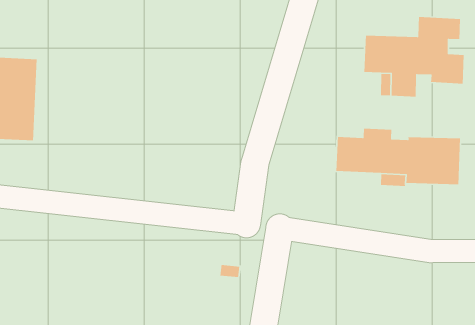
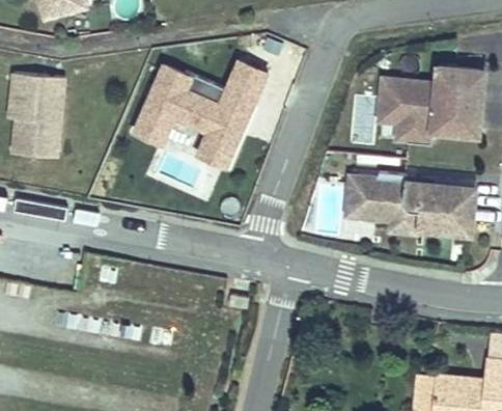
building: none -> [128,56,267,167]

